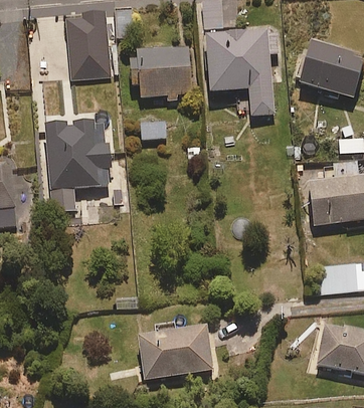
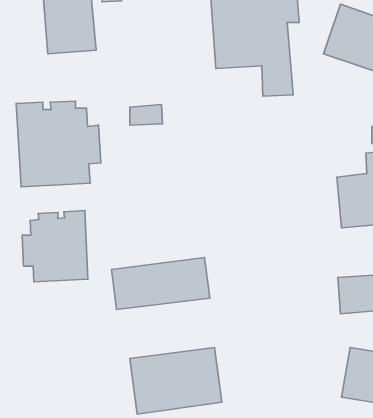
building: [131,47,192,100] -> none
building: none -> [22,211,88,282]
building: none -> [111,257,210,309]

